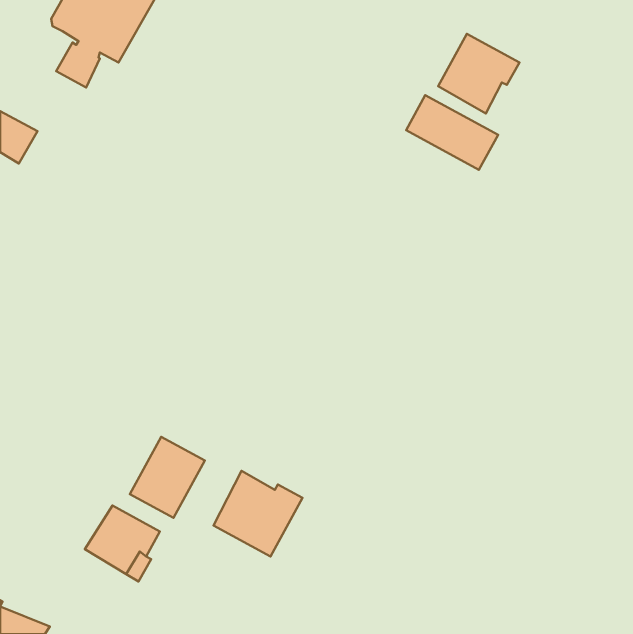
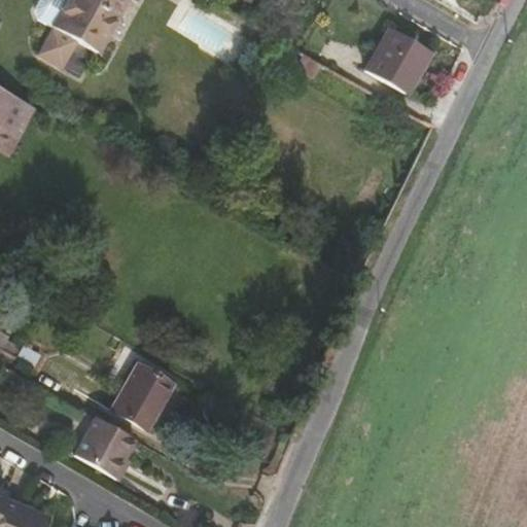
building: [406,95,498,170] -> none
building: [213,471,303,557] -> none

